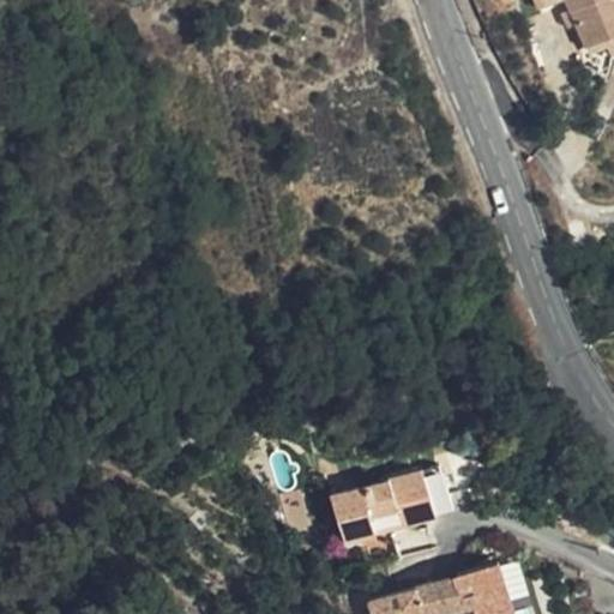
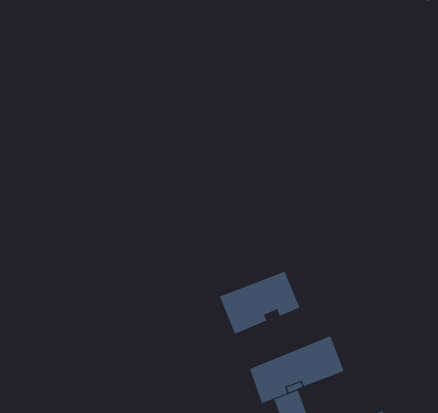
building: none -> [219,271,300,334]

